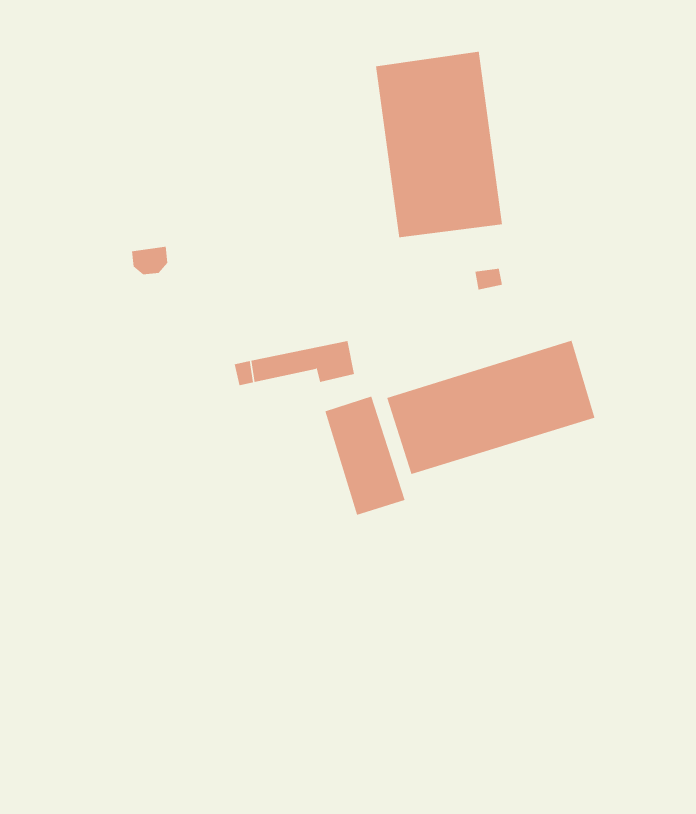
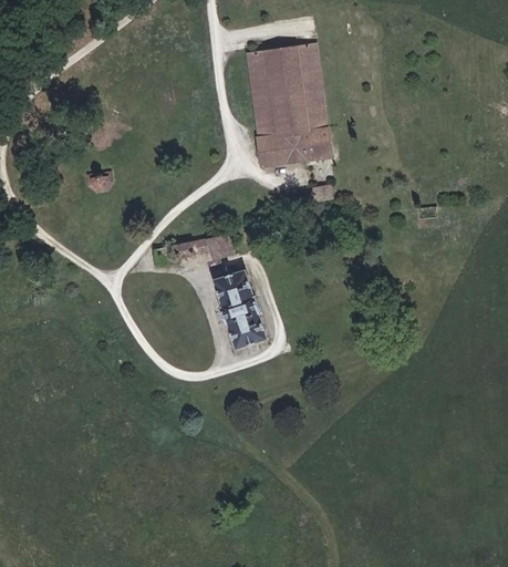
building: [386,340,595,475] -> none

